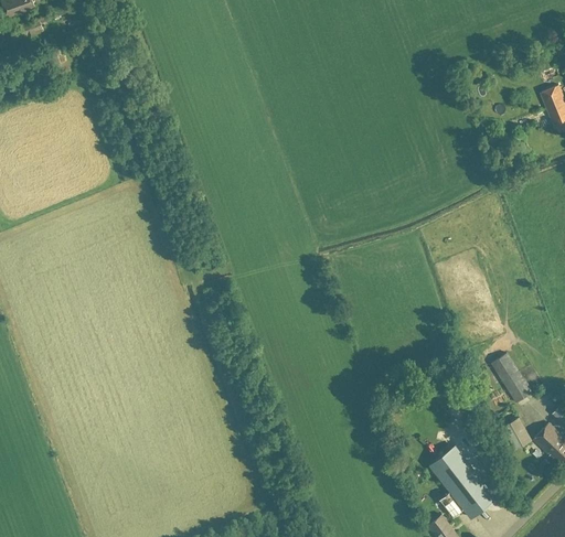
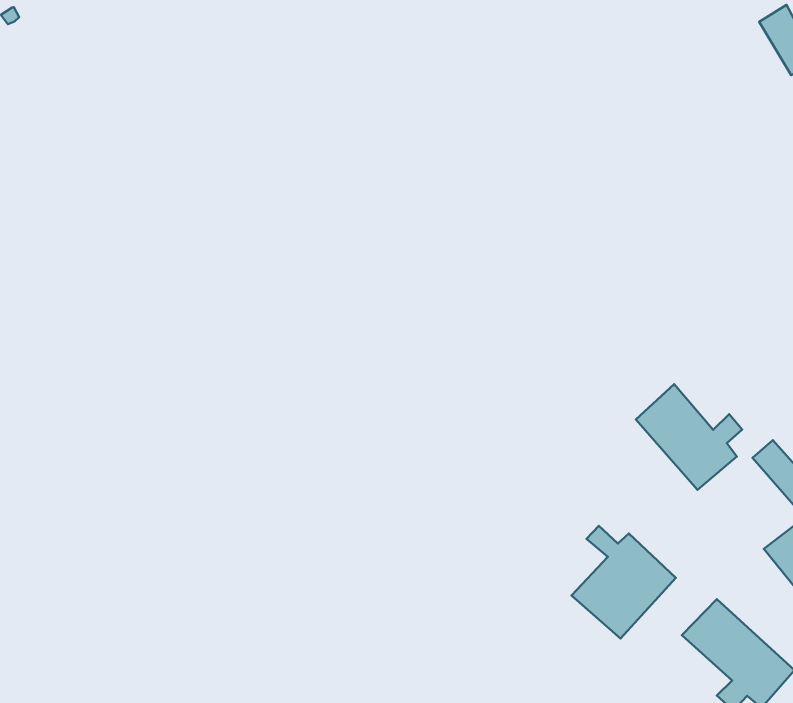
building: none -> [636,384,742,490]
building: none -> [572,526,676,638]

